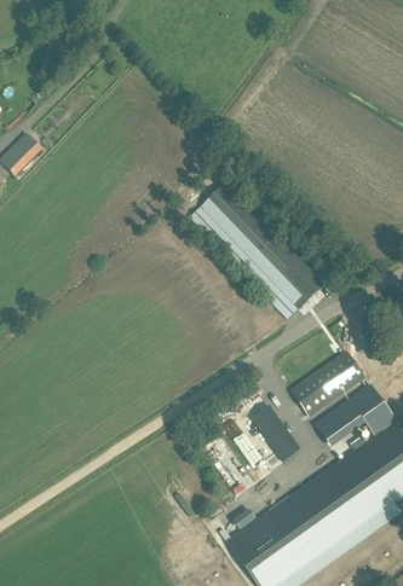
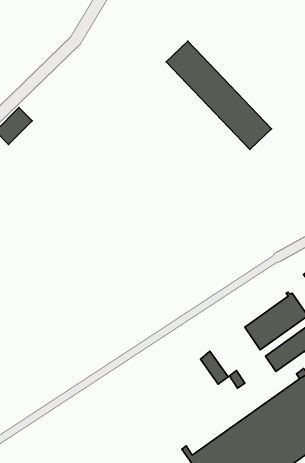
building: [200,182,323,309] -> [166,41,271,150]
building: [252,402,283,436] -> none

